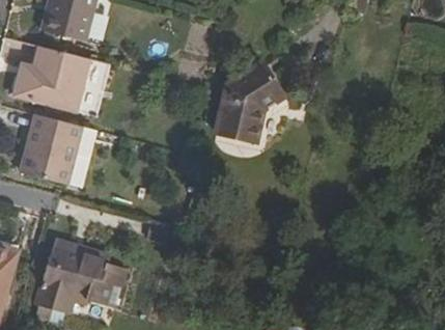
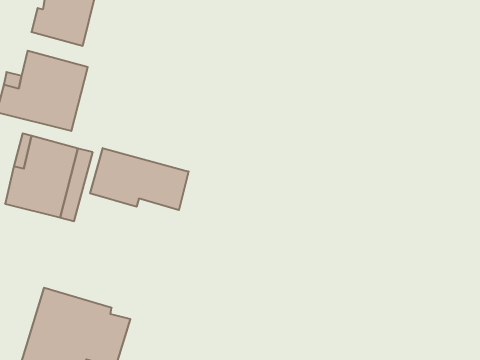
building: [215,55,284,138] -> none
building: none -> [90,148,189,210]

